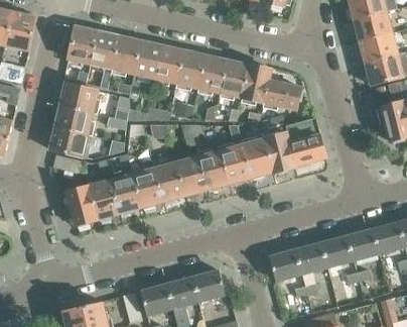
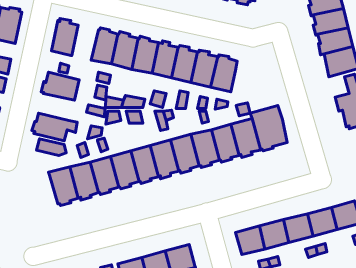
building: [89,28,120,89] -> none
building: [264,80,303,110] -> none
building: [52,105,94,134] -> none

